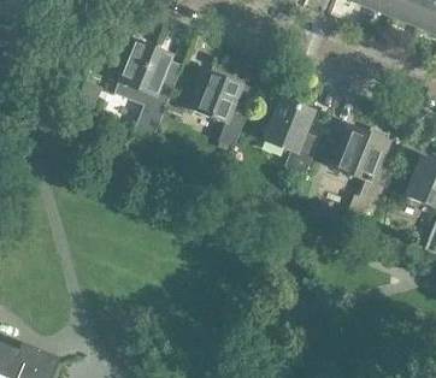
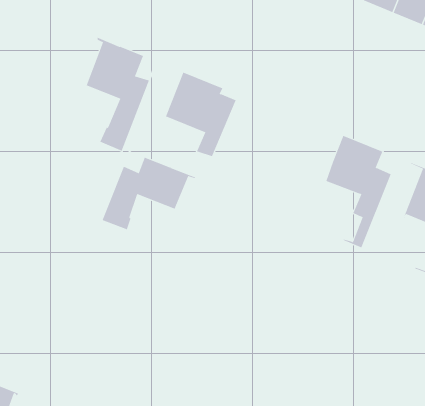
building: [260,98,318,173] -> none
building: none -> [102,151,197,230]

